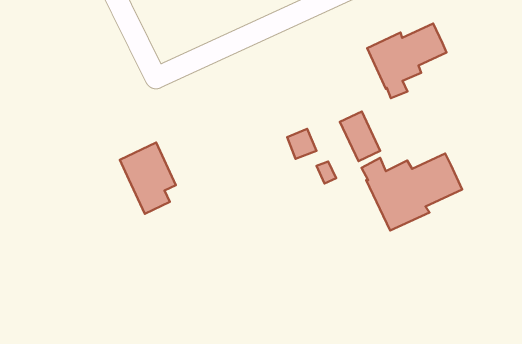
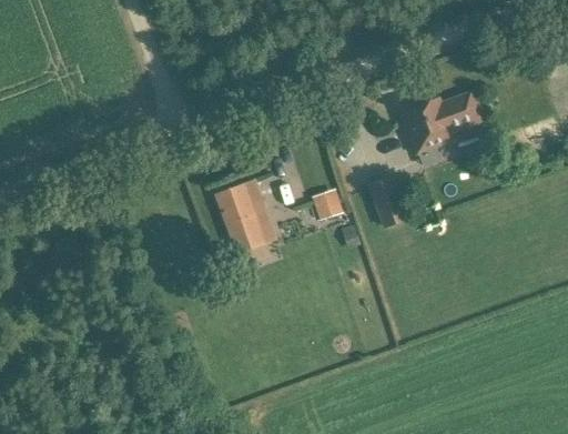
building: [120,143,176,214] -> [216,180,272,252]
building: [361,154,462,230] -> none

